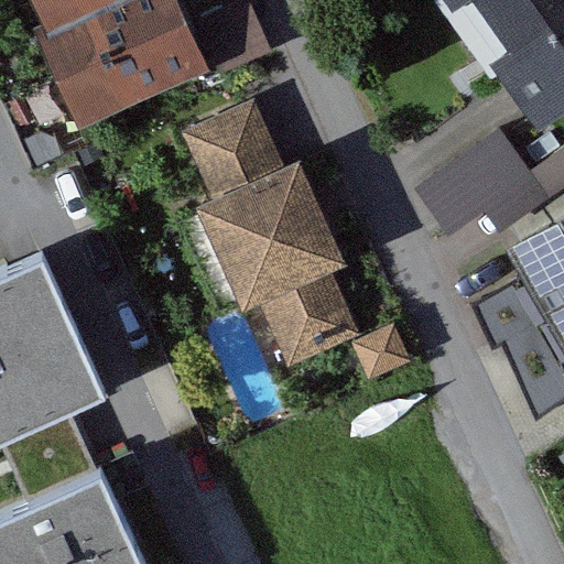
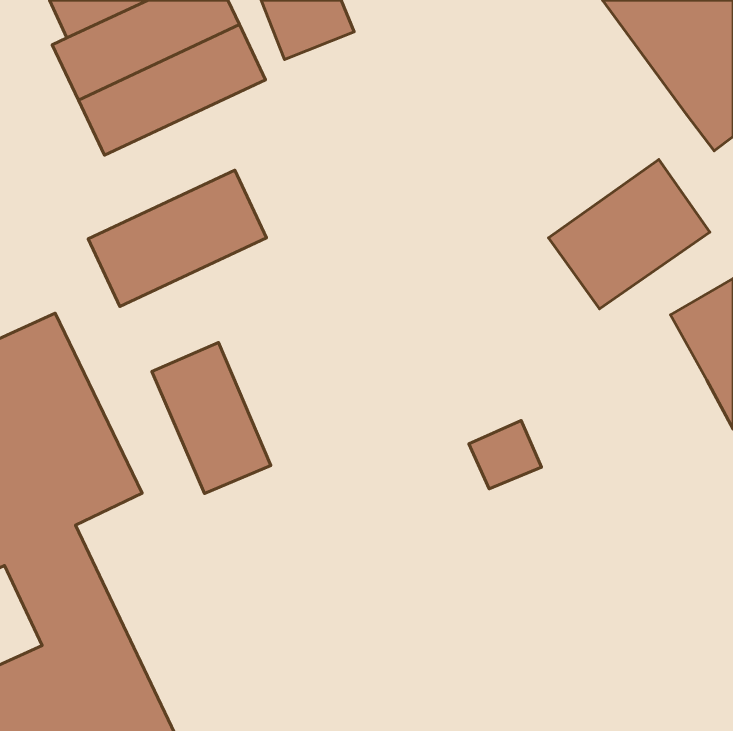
building: [187,101,358,365] -> none
building: none -> [88,170,266,307]
building: none -> [152,342,271,493]

